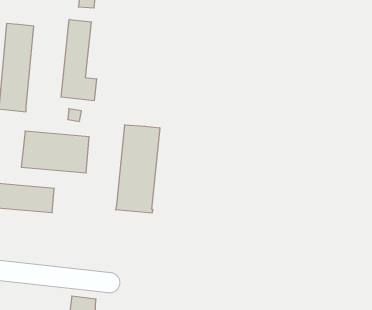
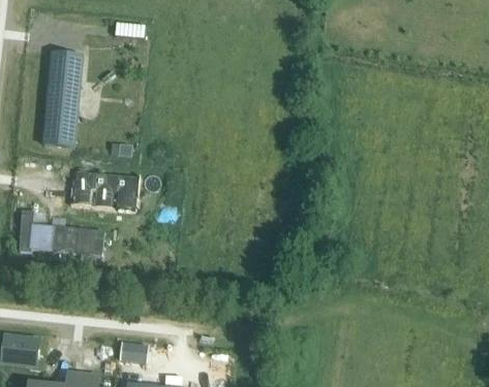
building: [61,19,97,101] -> none
building: [116,125,160,213] -> none

